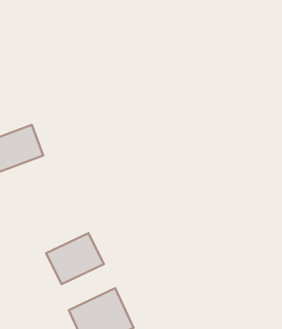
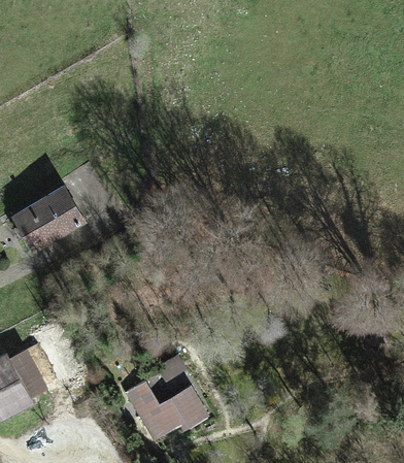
building: [46,233,104,284] -> none

